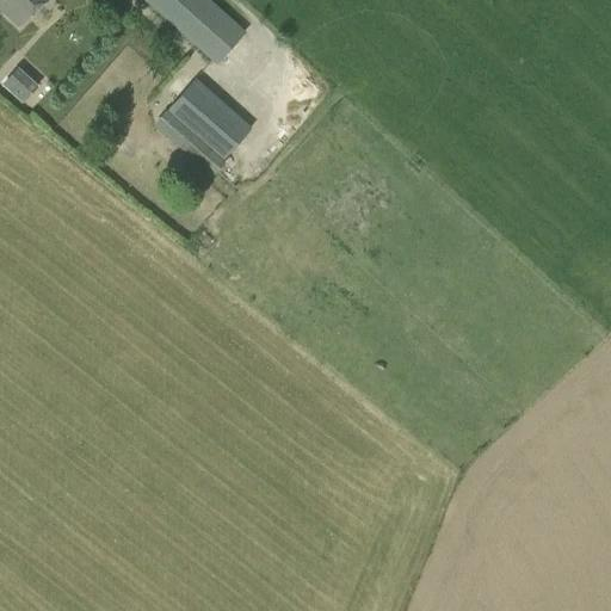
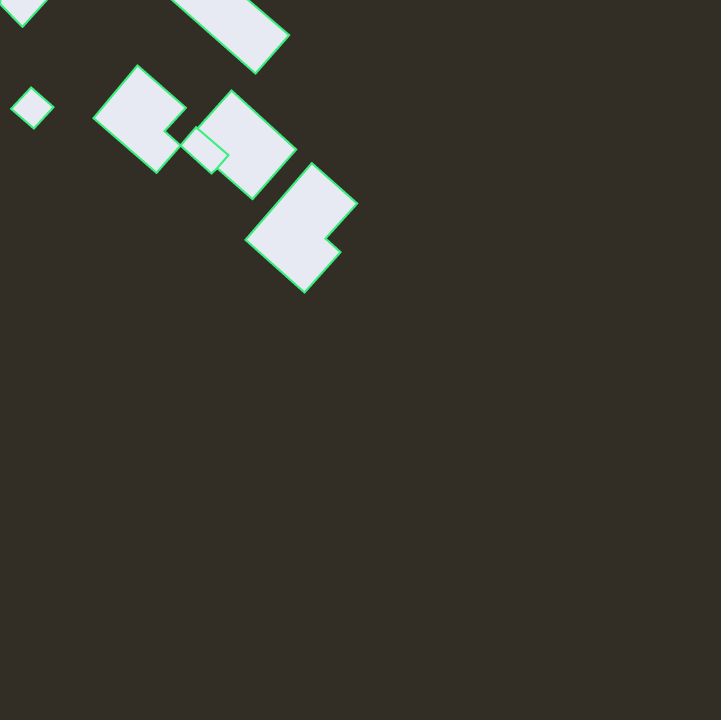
building: none -> [94,65,186,173]
building: none -> [245,163,357,292]

